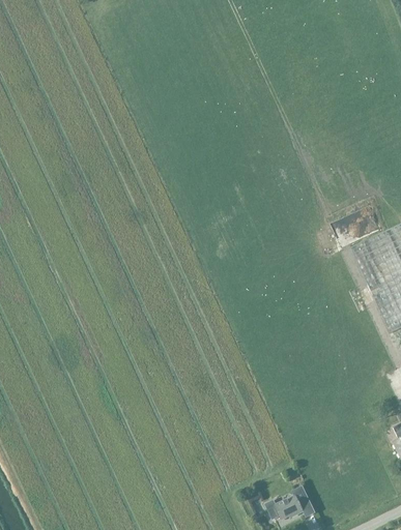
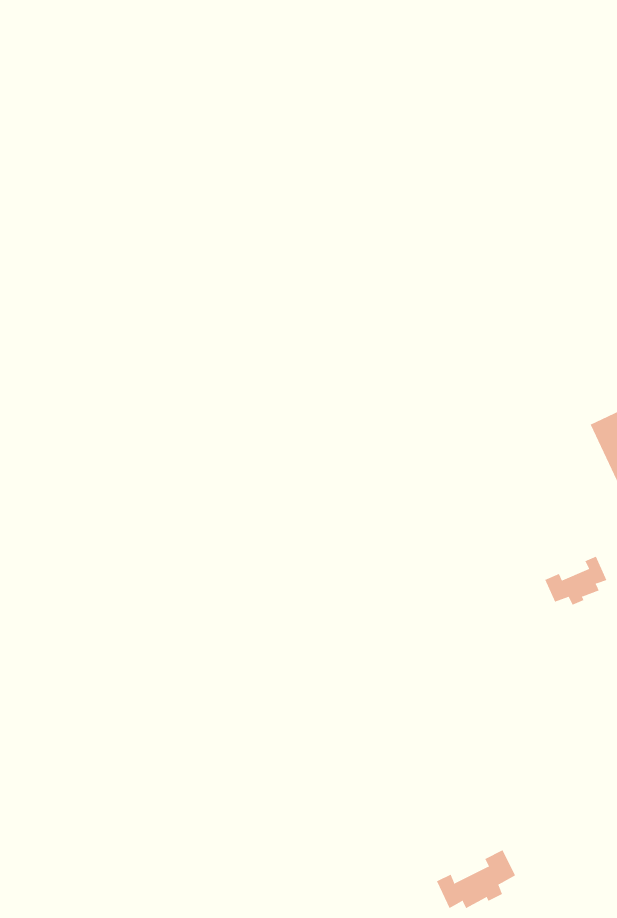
building: none -> [545,556,607,605]

